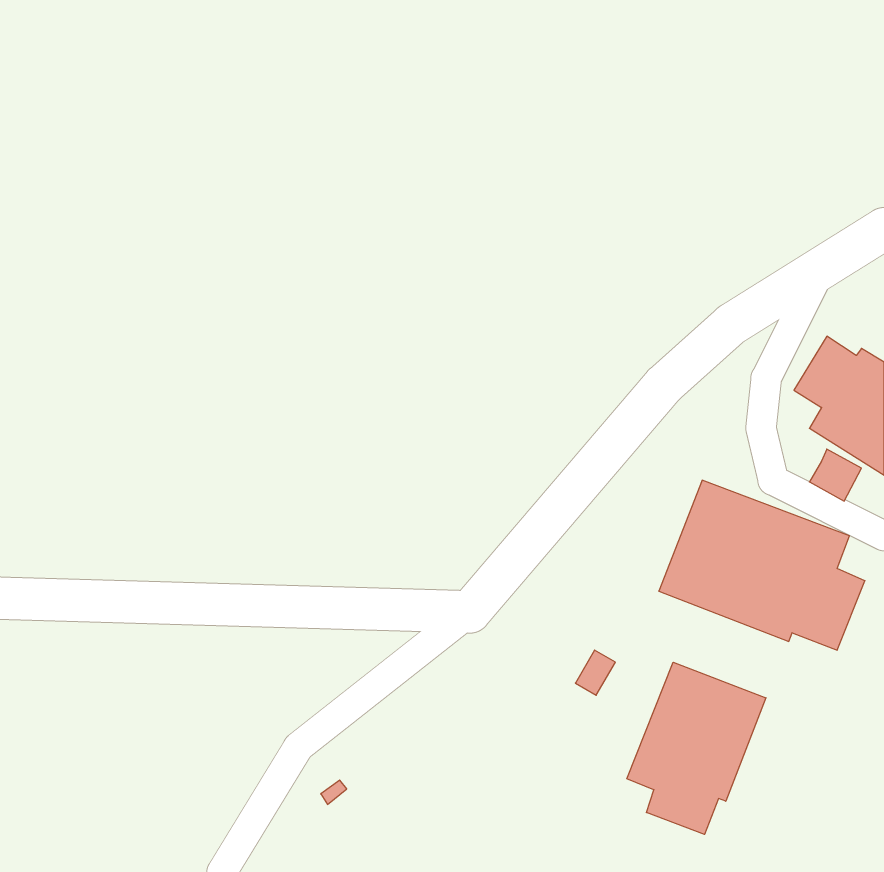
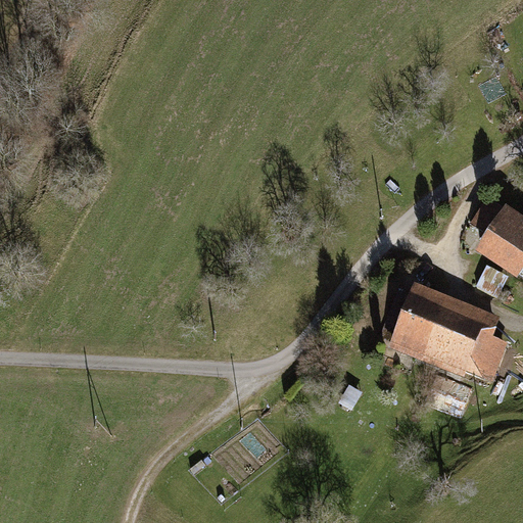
building: [627,662,766,834] -> none

